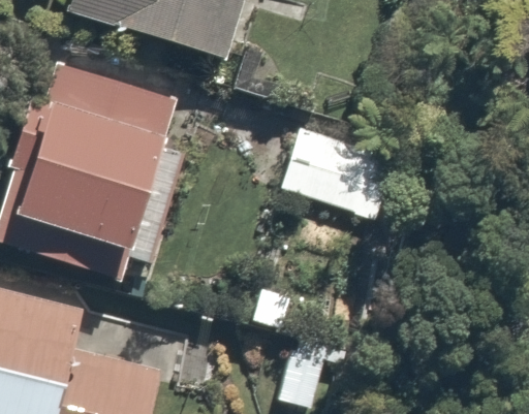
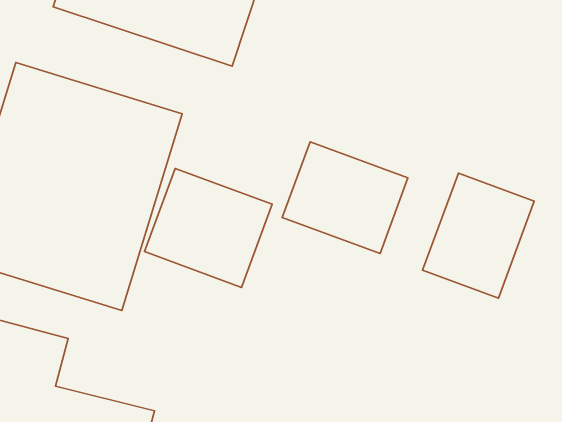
building: none -> [145,168,272,287]
building: none -> [423,173,534,298]

